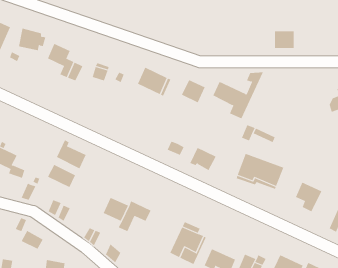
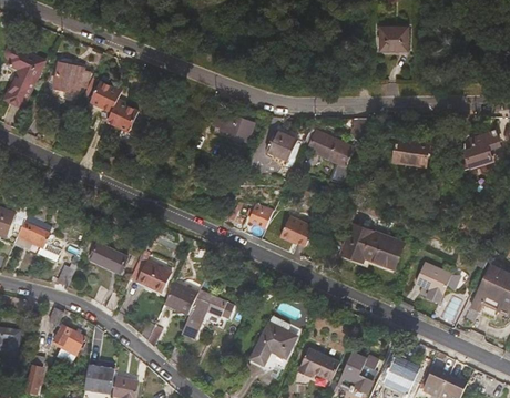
building: [274,31,294,48] -> [373,32,399,55]
building: none -> [395,137,431,167]
building: [56,140,86,169] -> [130,253,170,292]

